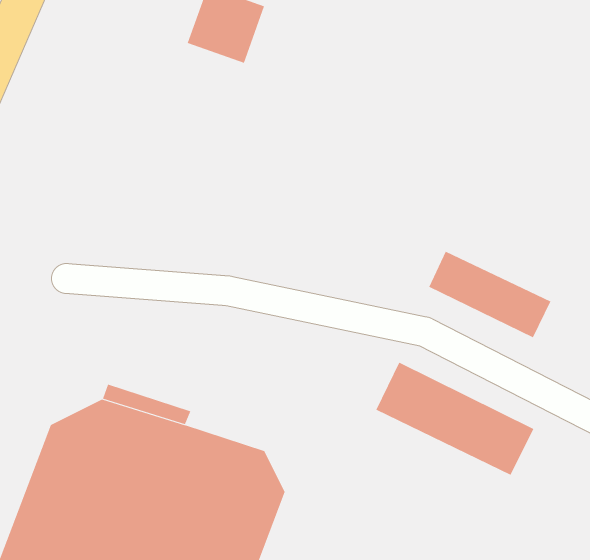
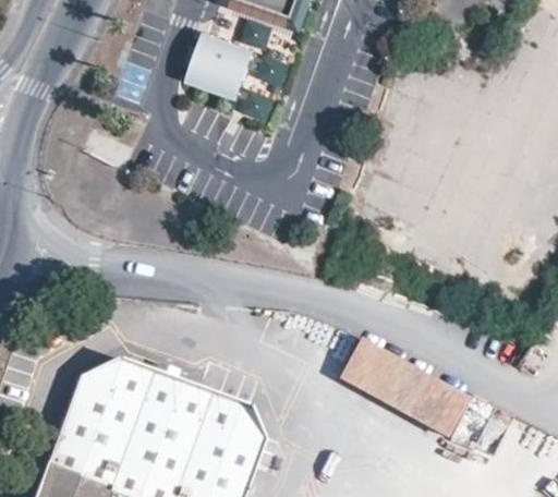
building: [428,251,551,338] -> none

